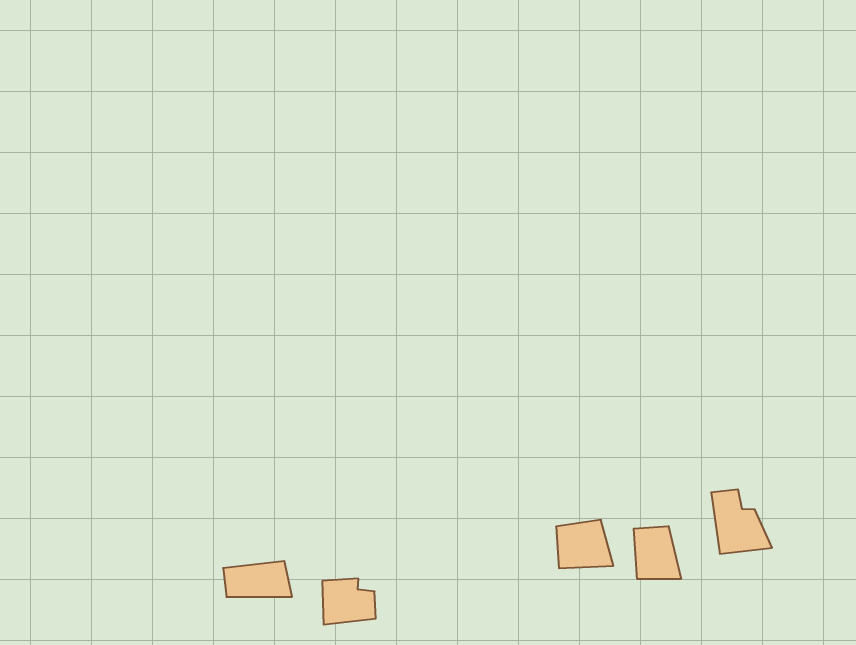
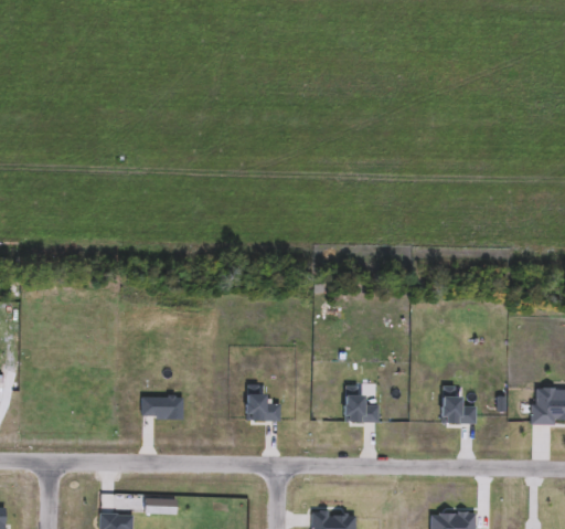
building: [634,526,681,579] -> none
building: [322,579,376,625] -> [247,395,280,422]

